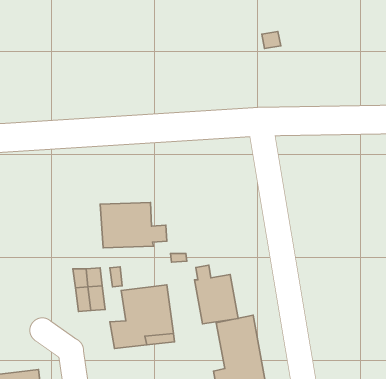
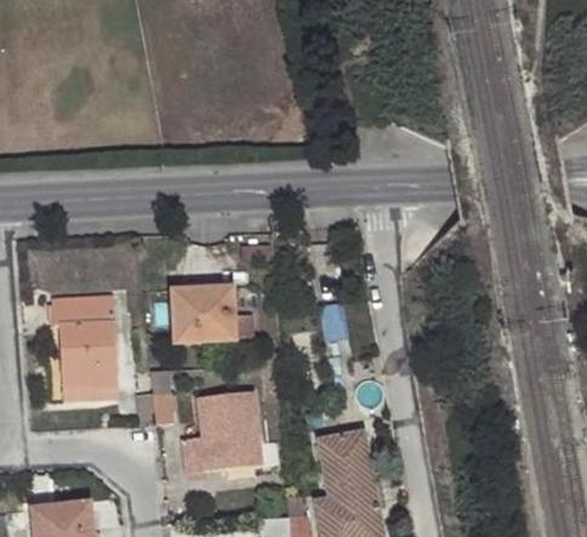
building: none -> [53,293,119,400]
building: [194,265,238,324] -> none

